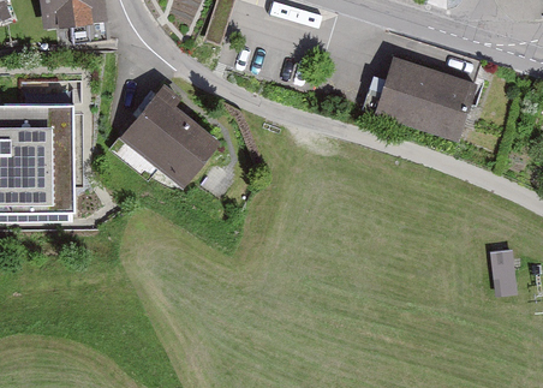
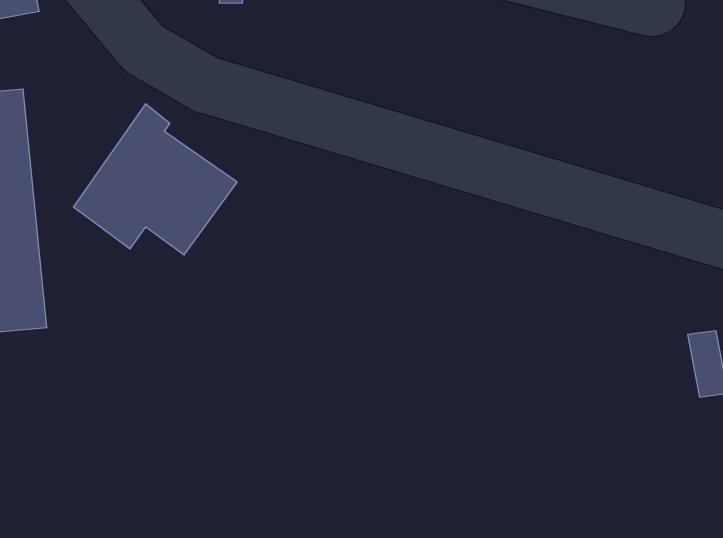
building: [365,58,476,138] -> none

